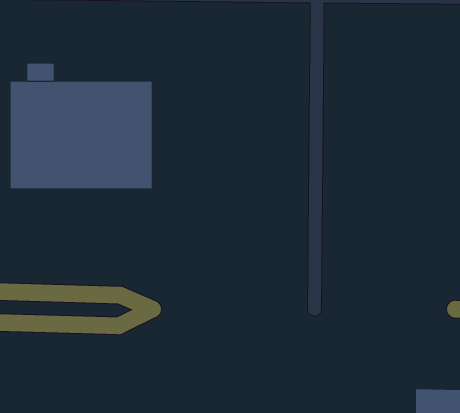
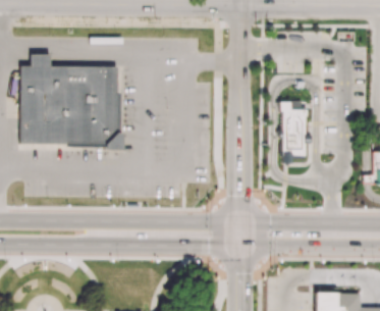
building: none -> [280,101,308,158]

